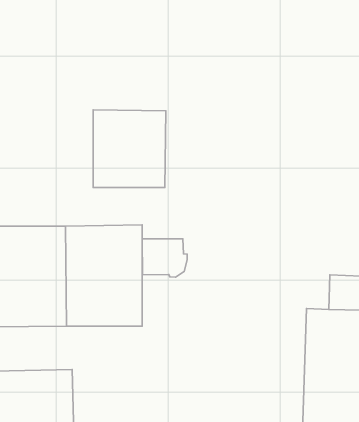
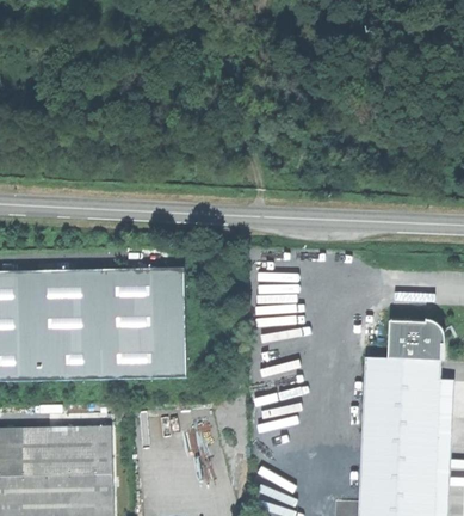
building: [93,110,166,188] -> none
building: [142,239,187,277] -> none

